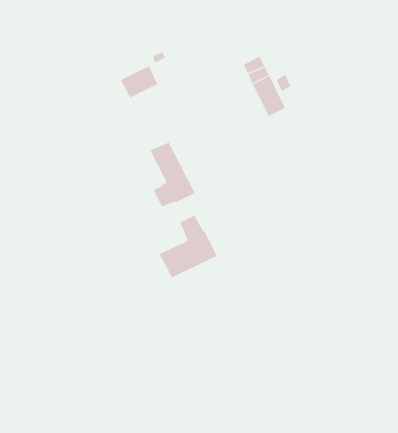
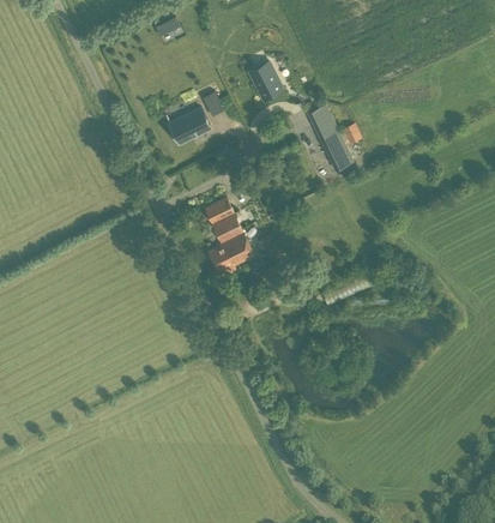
building: none -> [248,60,282,97]
building: [159,215,217,278] -> none

